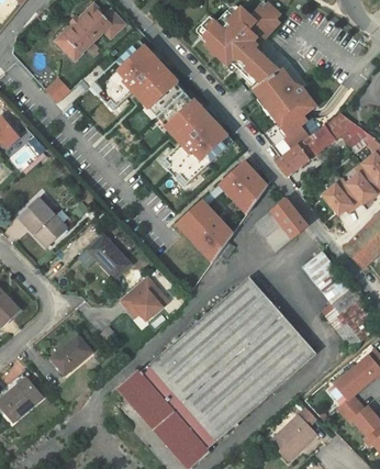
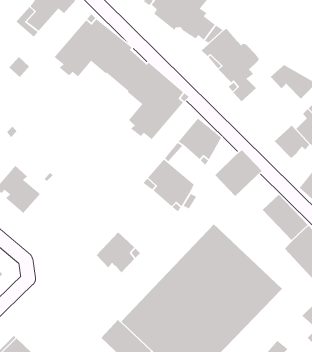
building: [276,125,335,177] -> none
building: [79,235,131,279] -> none
building: [51,335,91,375] -> none

